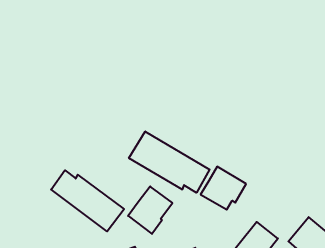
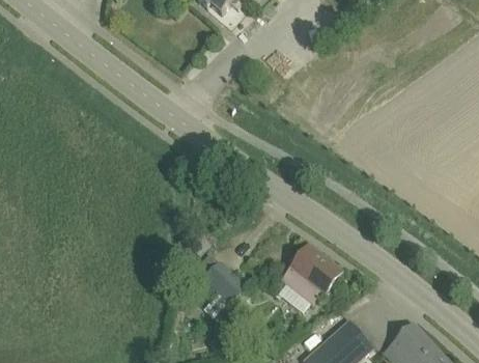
building: [129,131,210,193] -> none
building: [51,170,124,231] -> none

